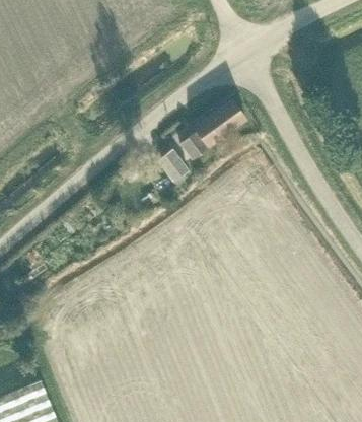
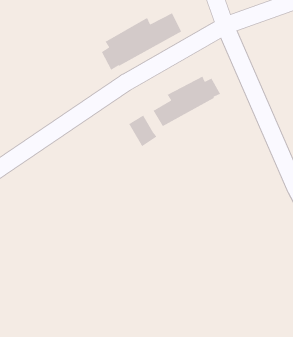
building: none -> [101,12,182,71]

